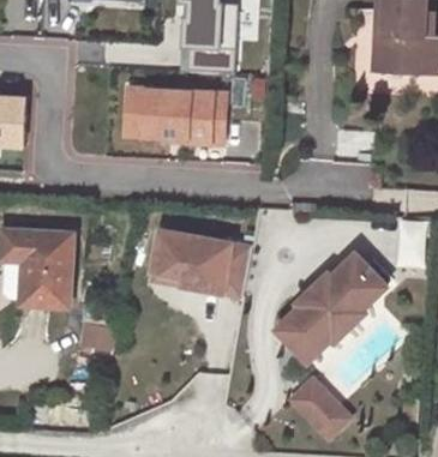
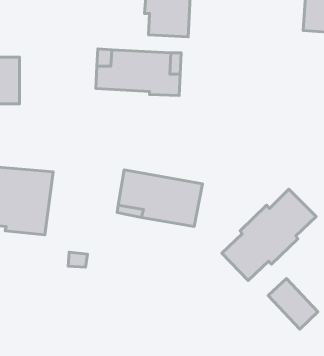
building: [290,378,349,438] -> [268,278,318,329]

